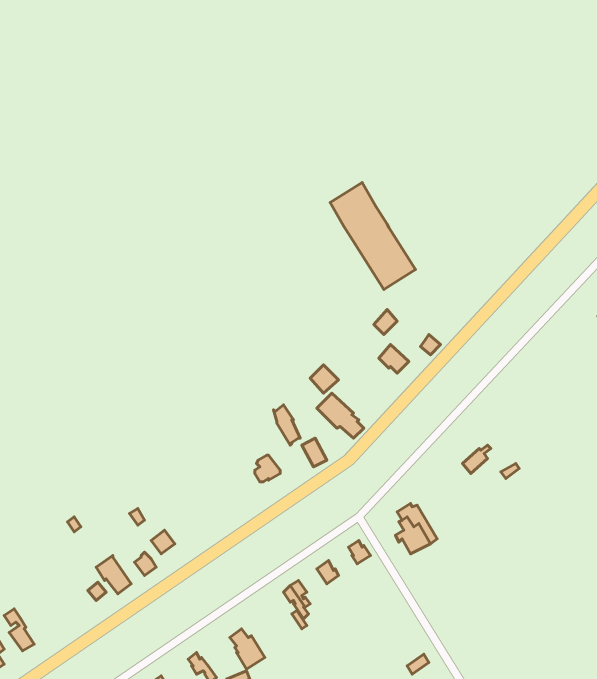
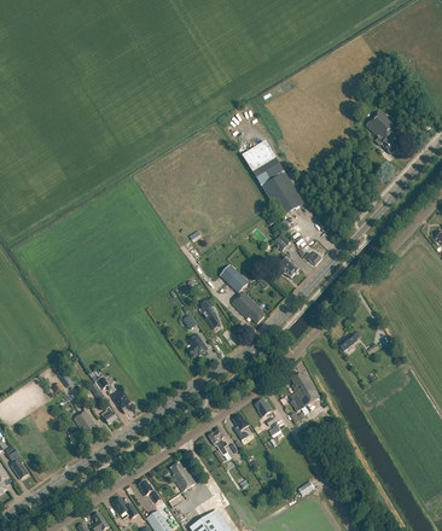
building: none -> [365,109,400,152]

